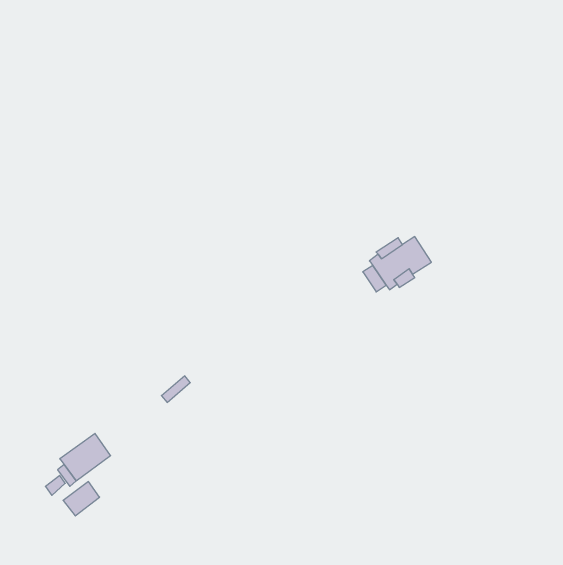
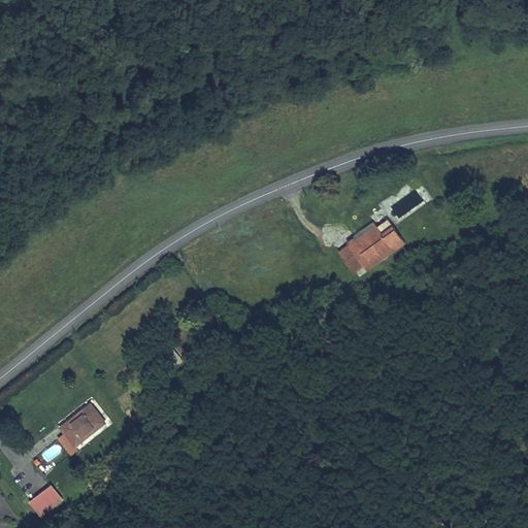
building: [63,482,100,516] -> [28,486,62,518]

